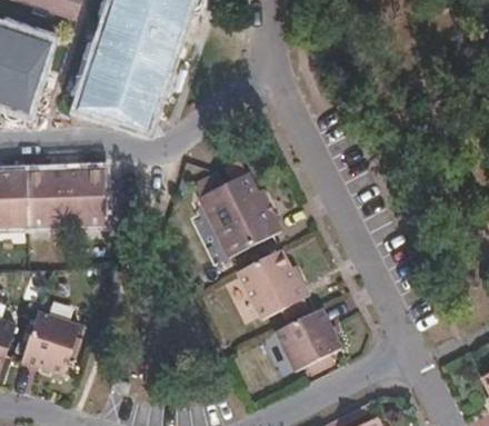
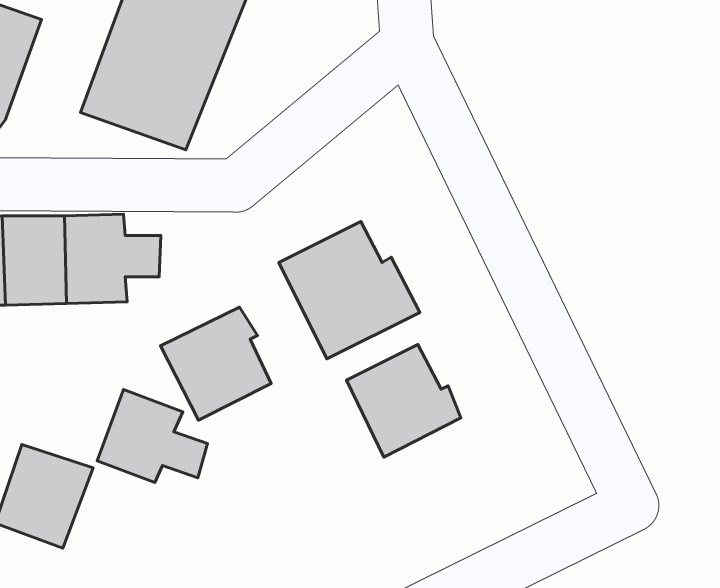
building: none -> [160,307,271,420]
building: none -> [97,390,207,482]
building: [277,307,342,369] -> none

